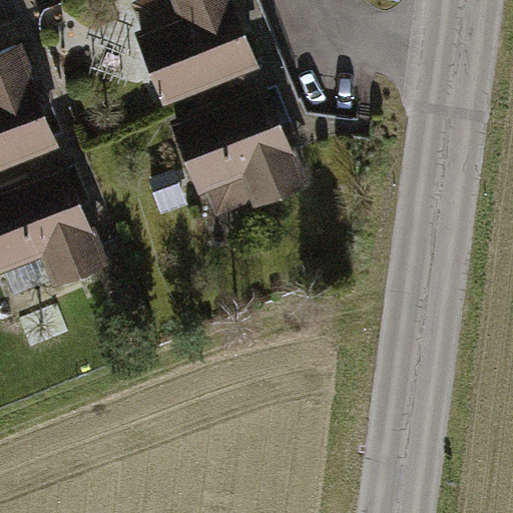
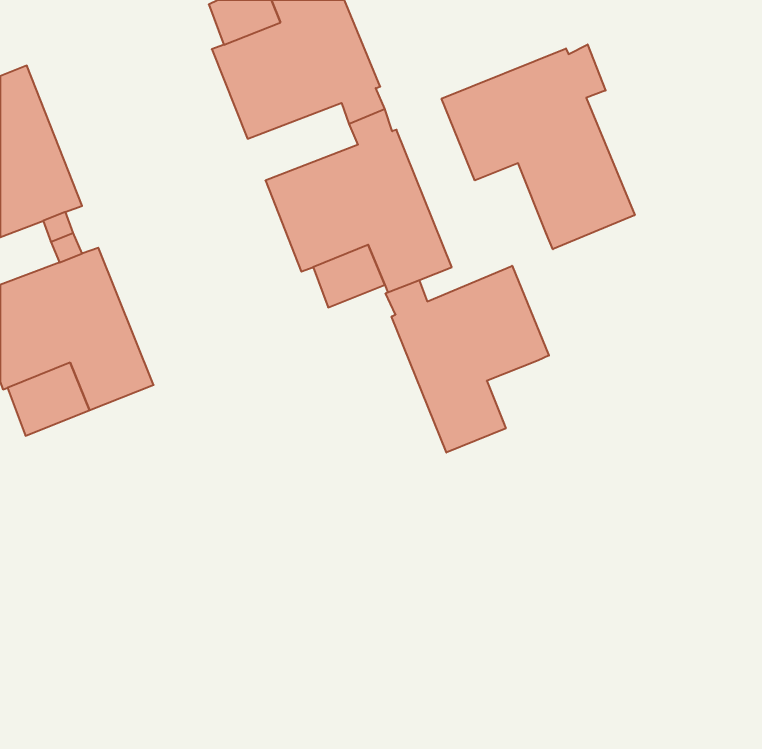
building: none -> [442,44,635,249]
building: none -> [386,266,549,453]

